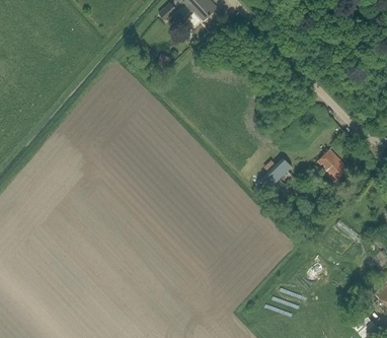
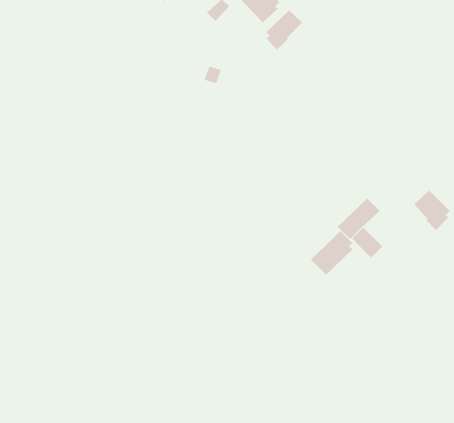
building: none -> [265,10,303,50]
building: none -> [310,230,353,276]

